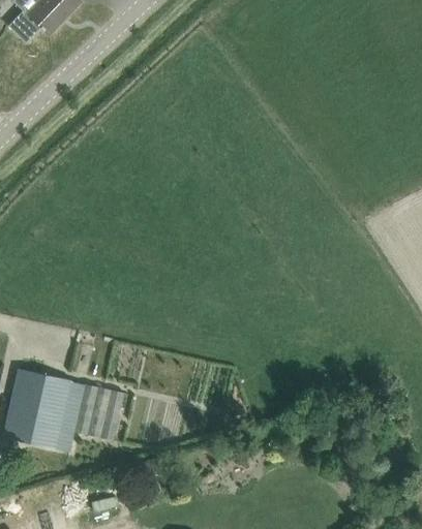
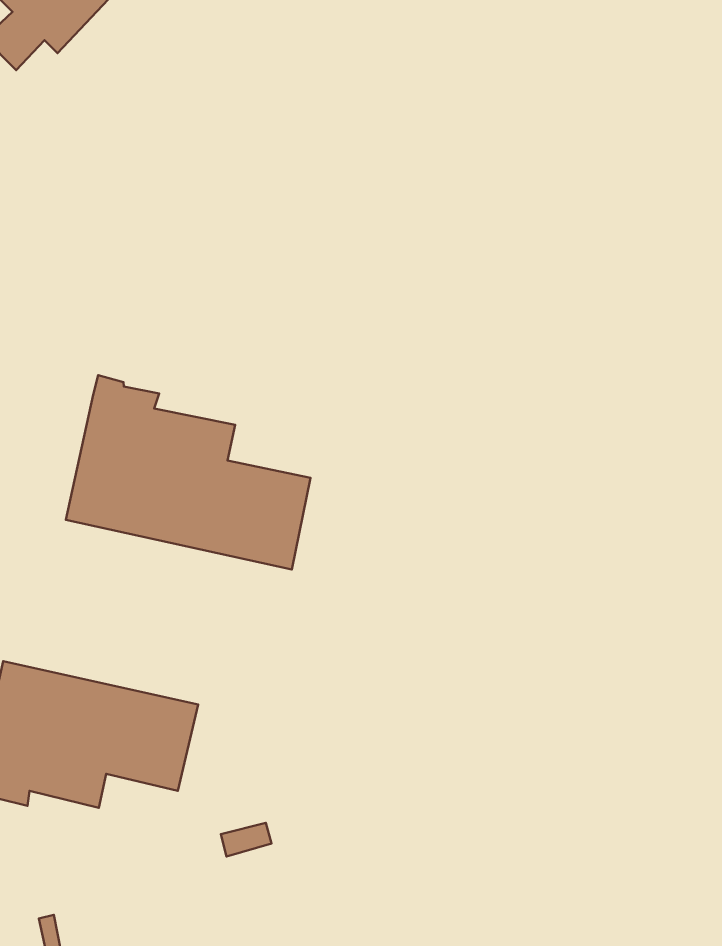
building: none -> [66,375,310,570]

